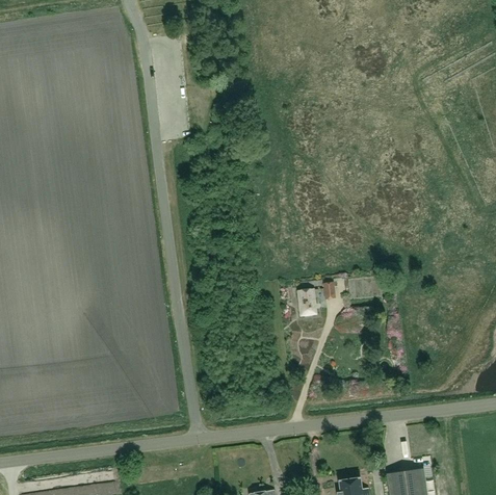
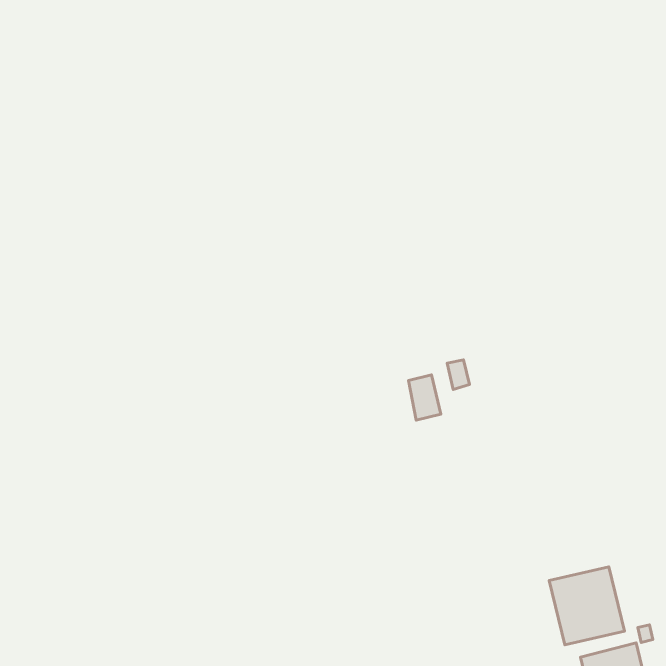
building: none -> [549,567,624,645]

